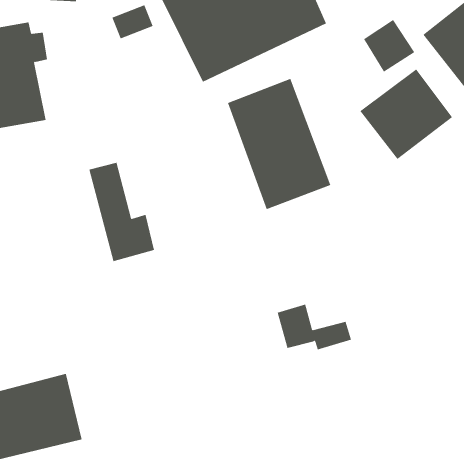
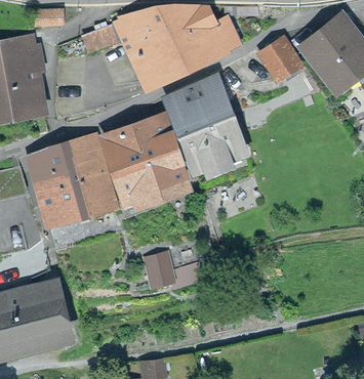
building: [360,69,453,160] -> none
building: none -> [103,117,185,202]
building: none -> [30,143,86,219]
building: [277,304,352,350] -> [146,253,199,286]

